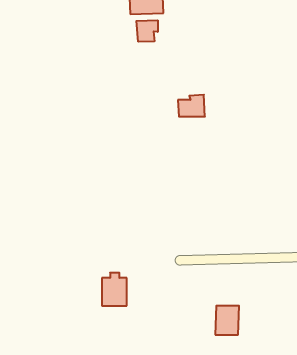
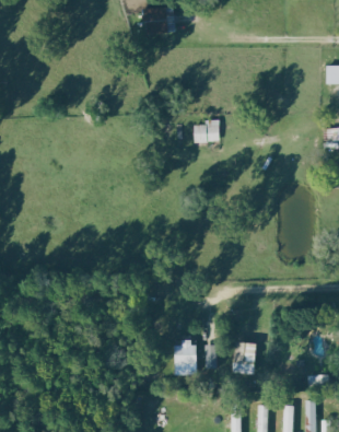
building: [136,20,158,42] -> none
building: [102,273,127,306] -> [171,340,197,375]

